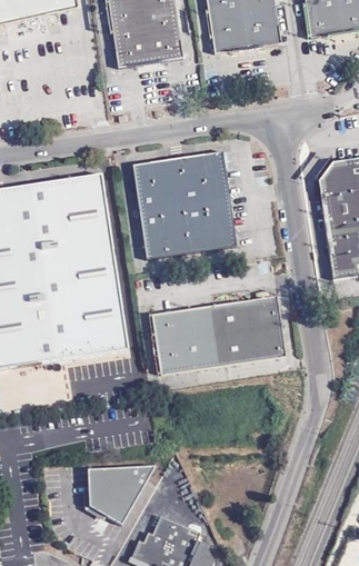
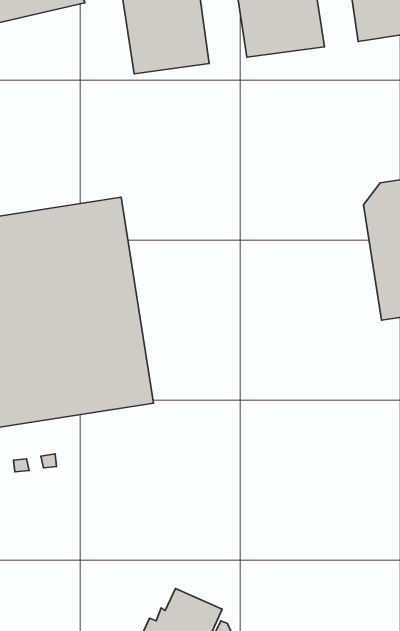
building: [129,148,235,258] -> none
building: [150,299,281,374] -> none
building: [84,463,153,520] -> none

